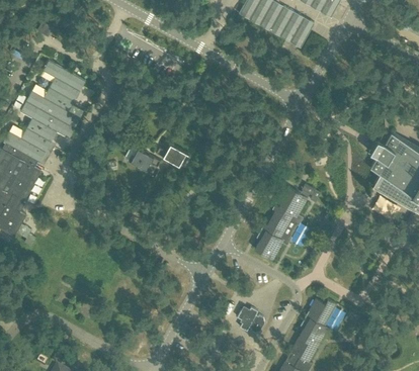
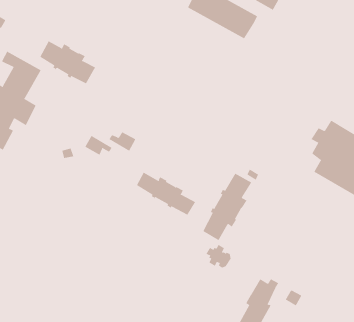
building: none -> [39,41,96,84]
building: none -> [136,172,196,216]
building: [237,307,264,333] -> [206,244,231,268]

